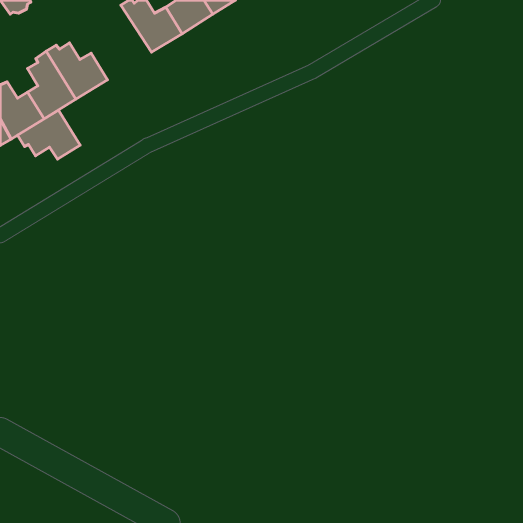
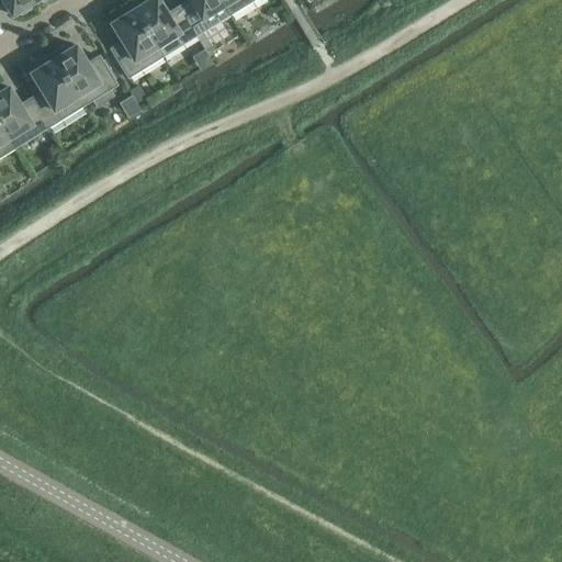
building: none -> [110,5,162,78]
building: [17,110,80,159] -> none

